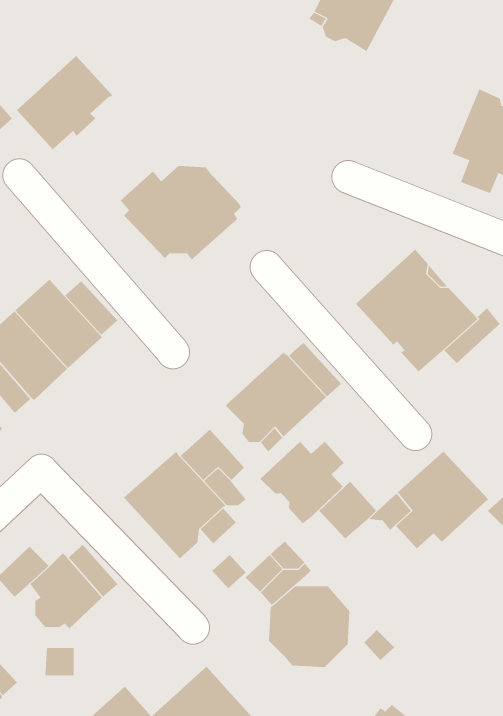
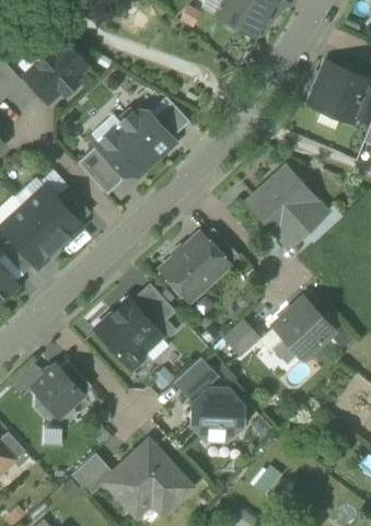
building: none -> [153,102,188,137]
building: none -> [79,147,121,194]
building: [260,441,345,524] -> none

